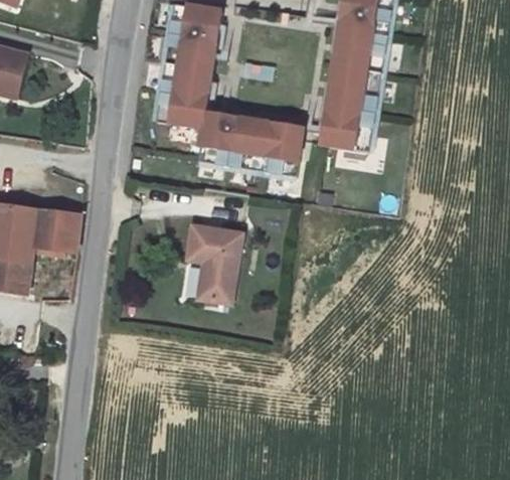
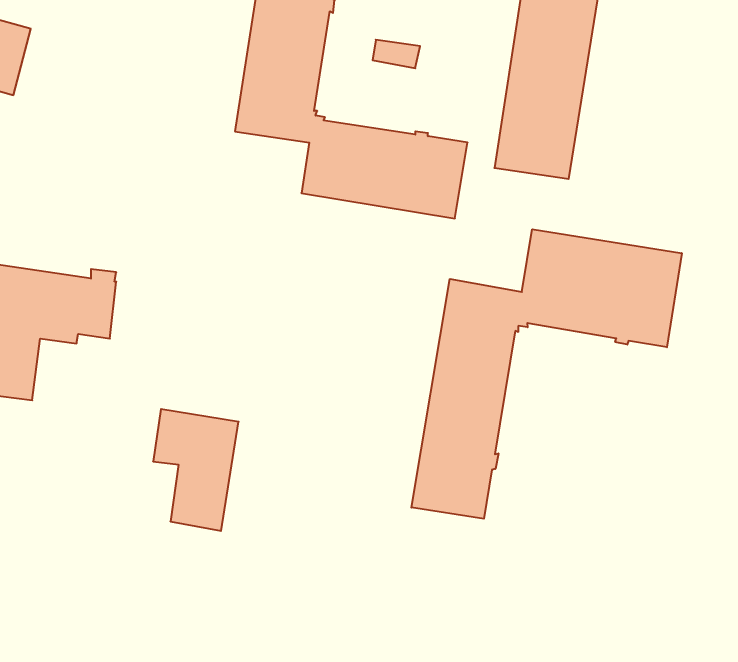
building: none -> [411,229,682,519]
building: [186,224,240,302] -> [153,409,239,531]

